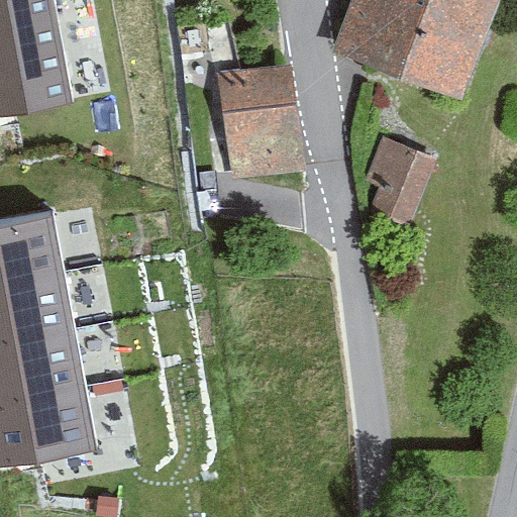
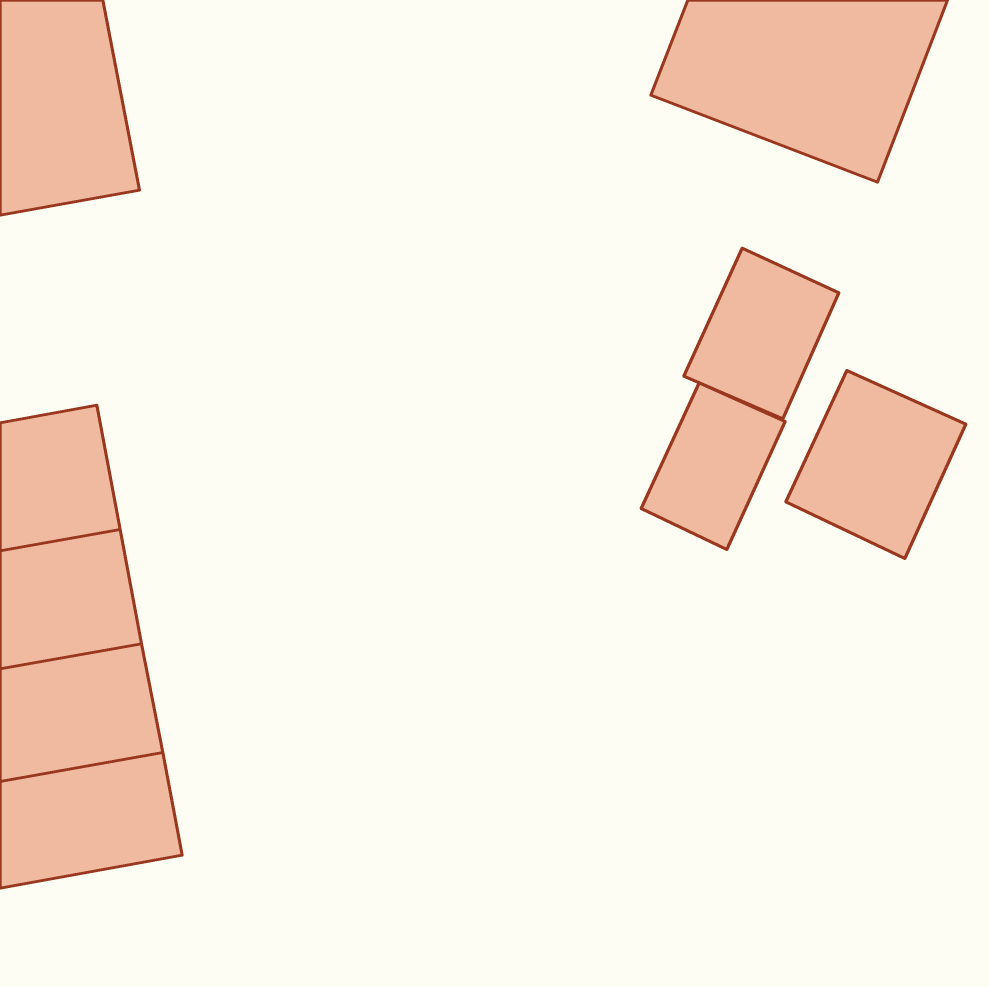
building: [216,57,299,177] -> none
building: none -> [786,371,966,559]
building: none -> [641,383,785,550]

